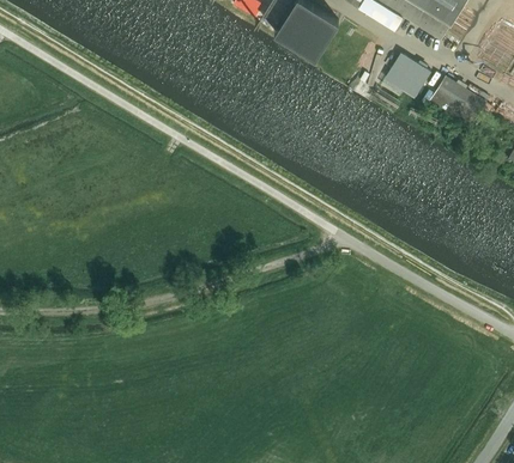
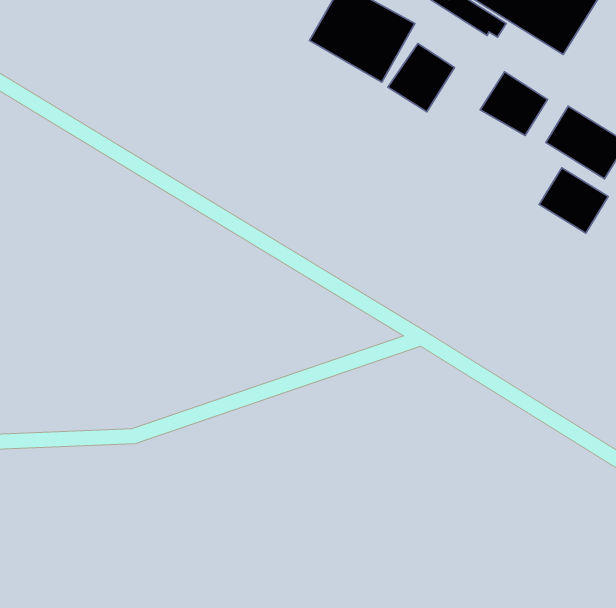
building: none -> [388,44,455,112]
building: none -> [539,168,608,233]

